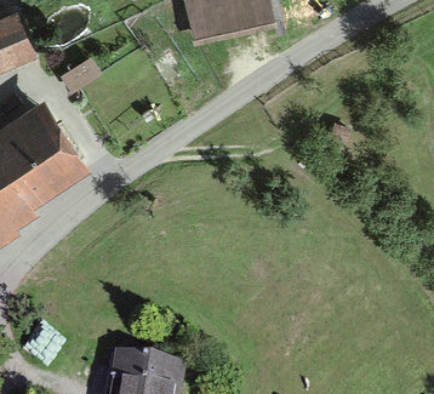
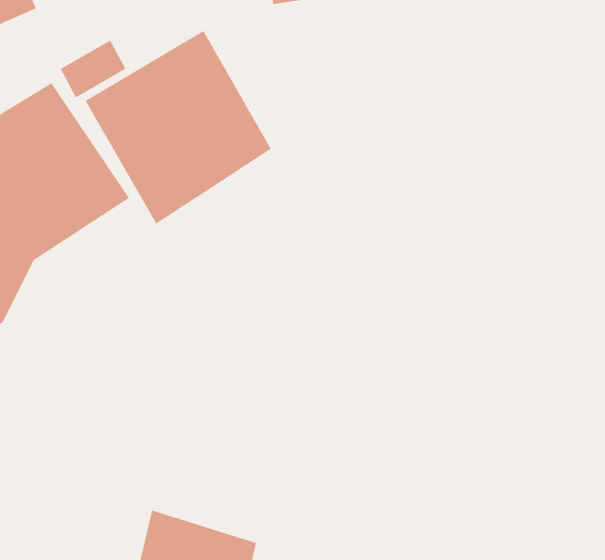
building: none -> [85,30,271,224]

